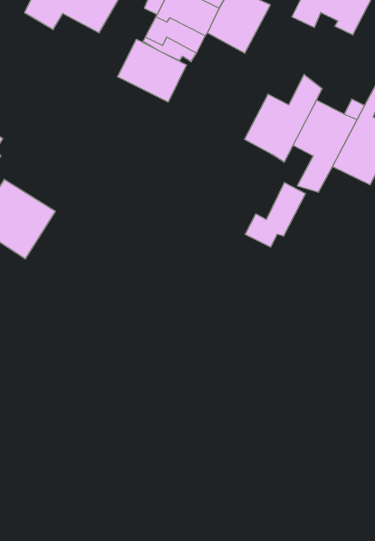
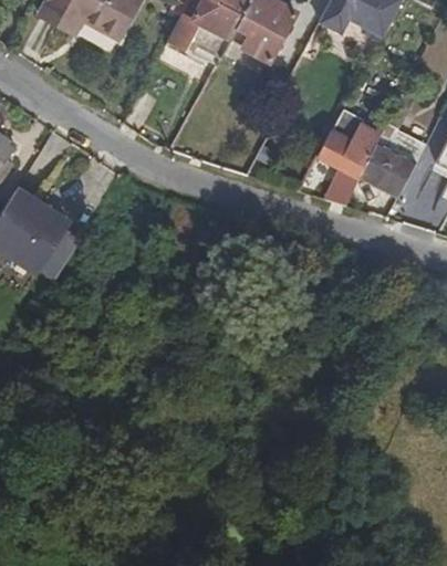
building: [117,39,186,102] -> none
building: [244,74,322,162] -> none
building: [245,182,305,247] -> none

